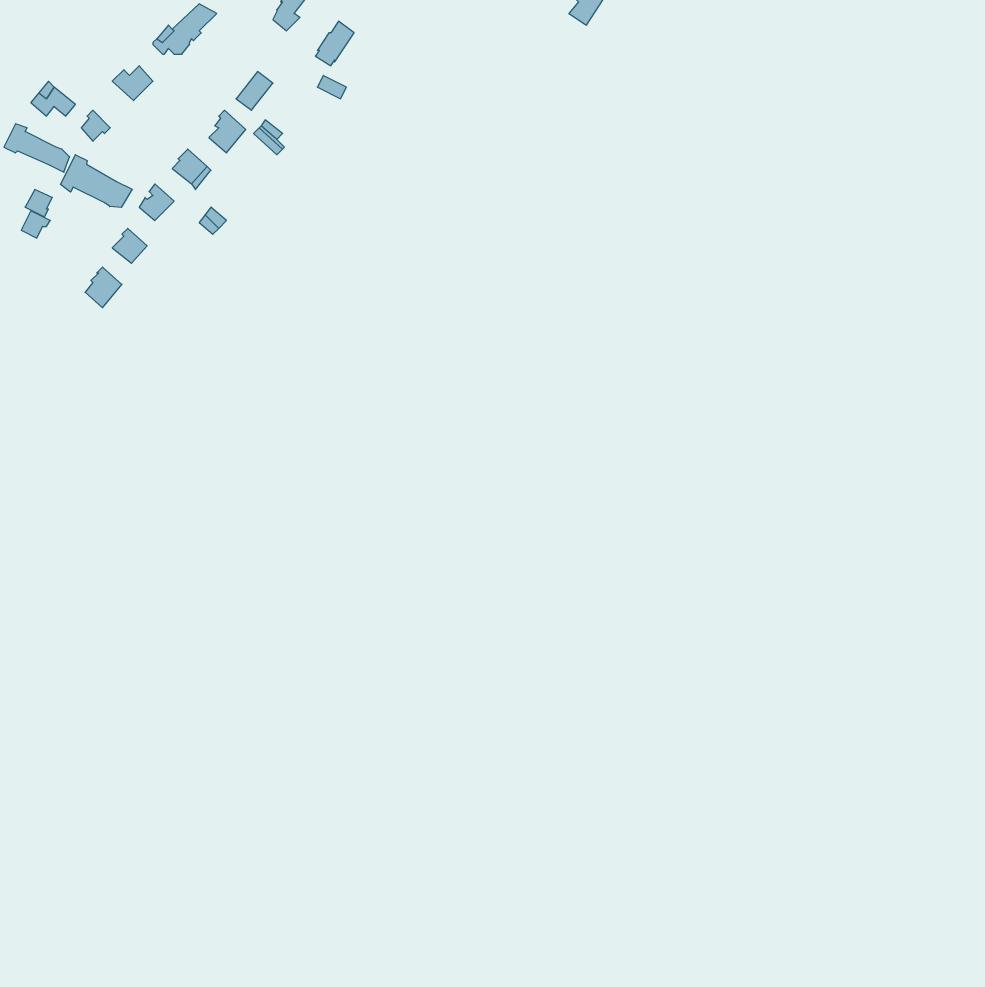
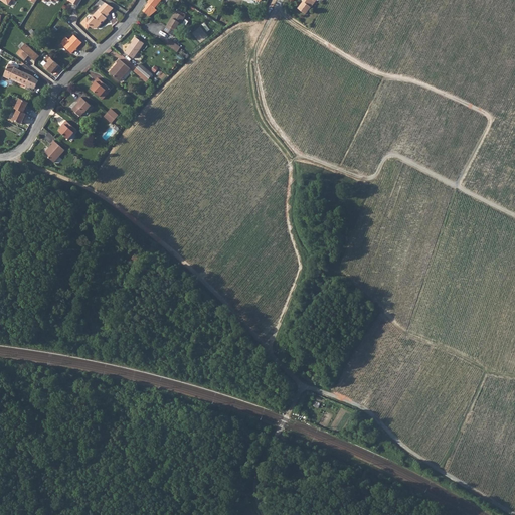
building: [61,155,132,207] -> none

